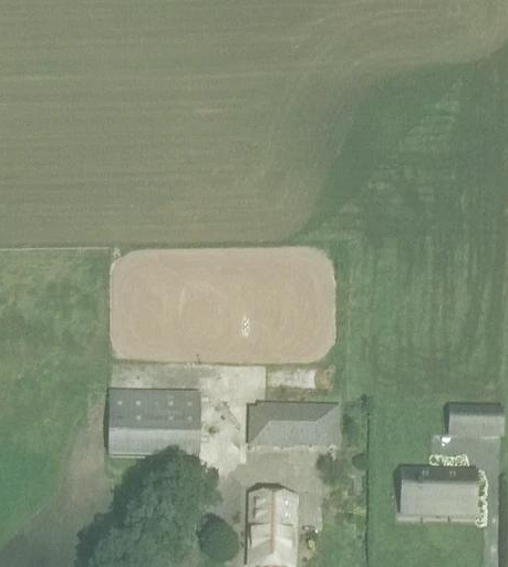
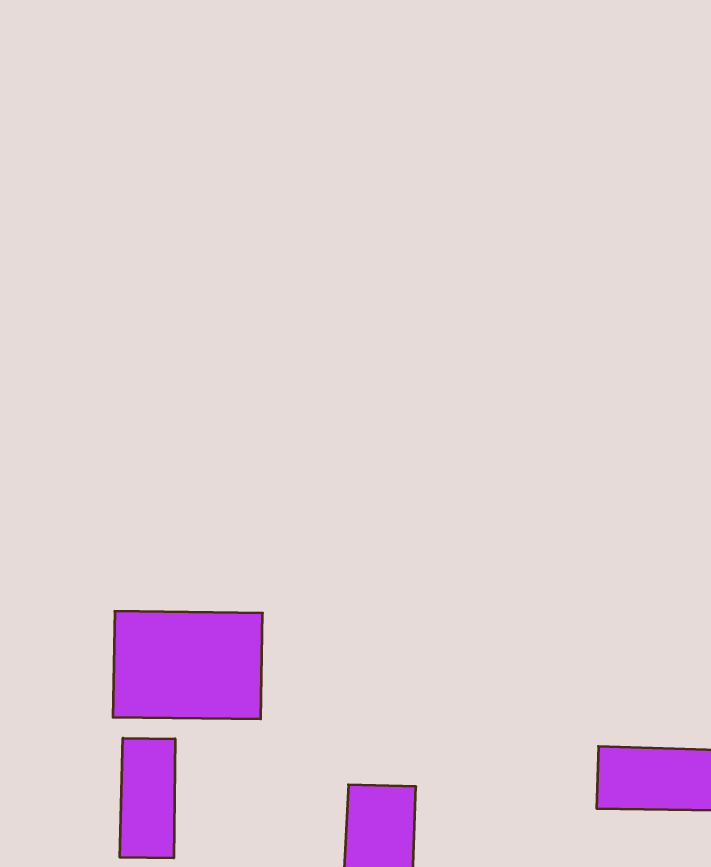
building: [248,401,340,447] -> none
building: none -> [120,738,175,858]

